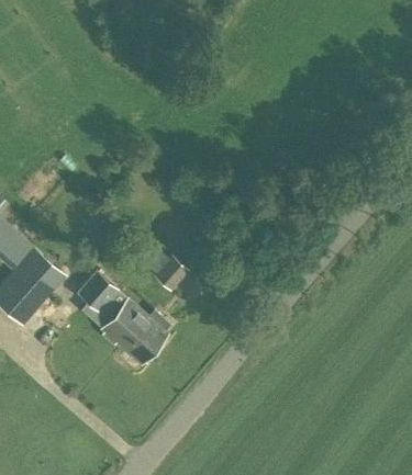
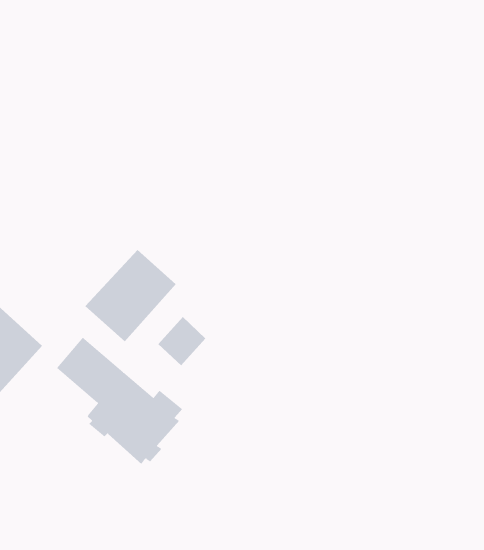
building: none -> [84,249,176,342]

